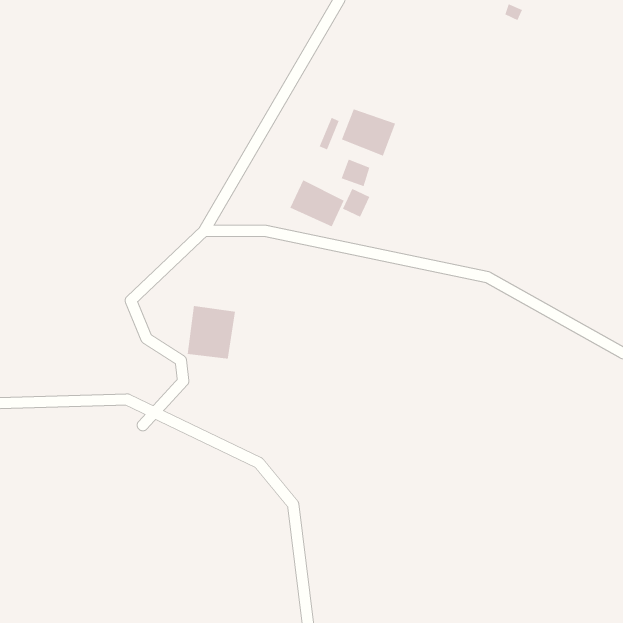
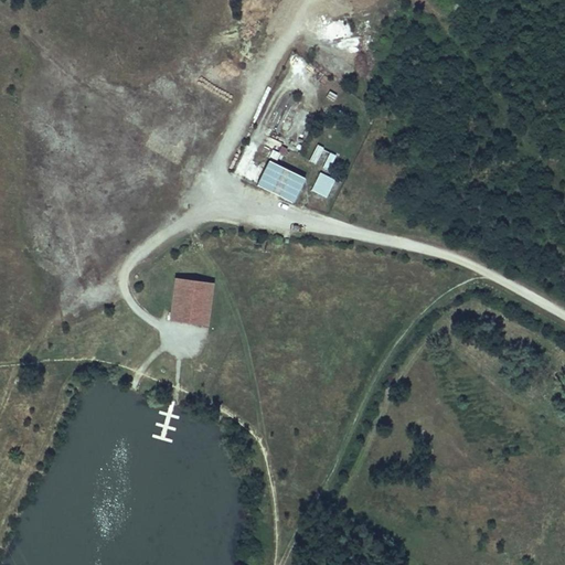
building: [341,108,396,157] -> none

